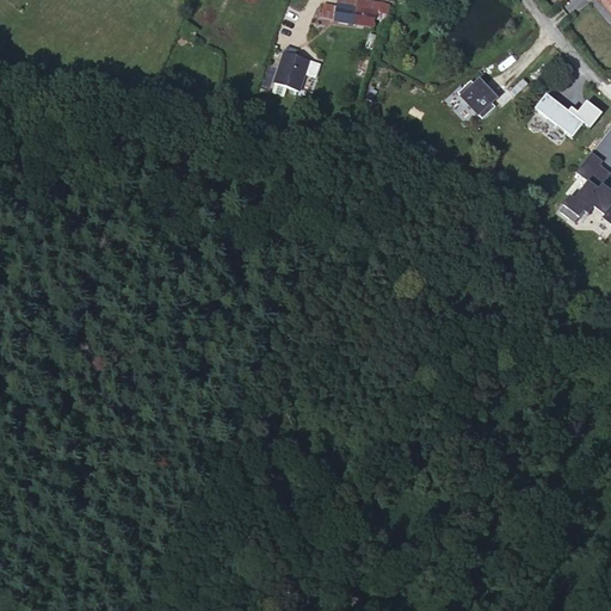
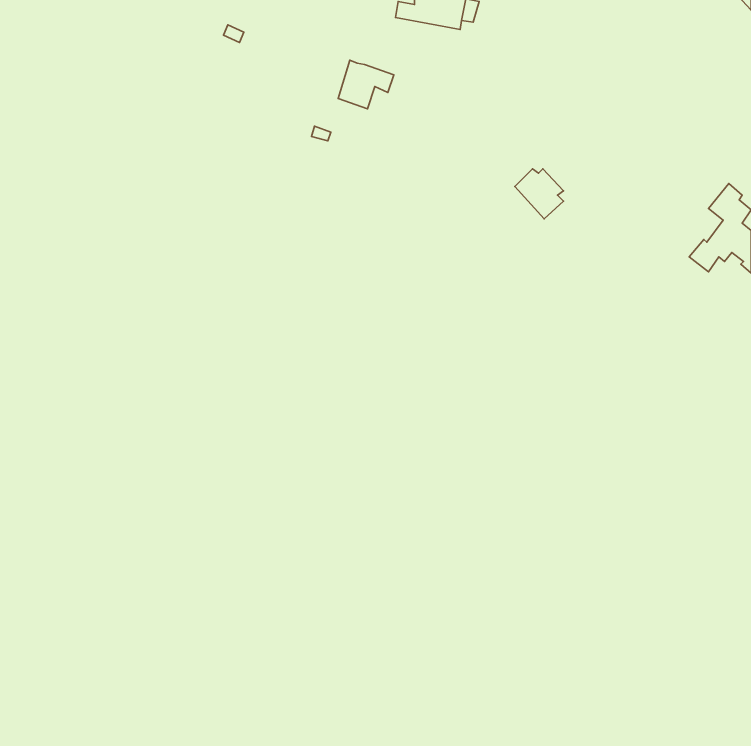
building: [457,78,496,118] -> [515,169,563,219]
building: [535,92,601,136] -> none

